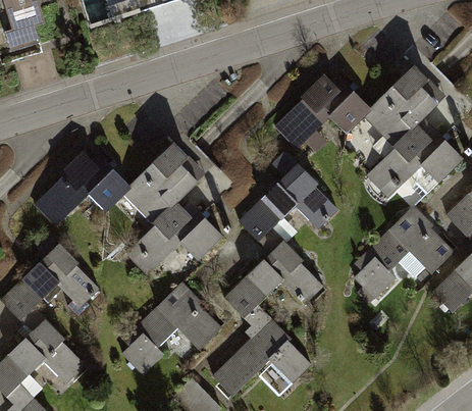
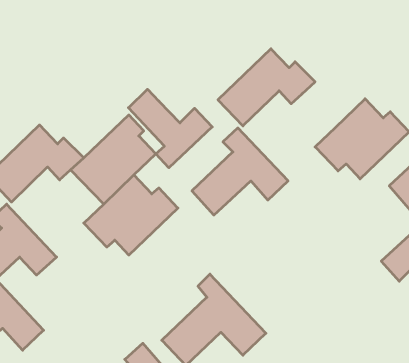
building: [352,65,438,156] -> none
building: none -> [128,89,212,168]
building: [353,220,453,299] -> none
building: [225,233,324,317] -> none
building: [117,297,217,376] -> none

